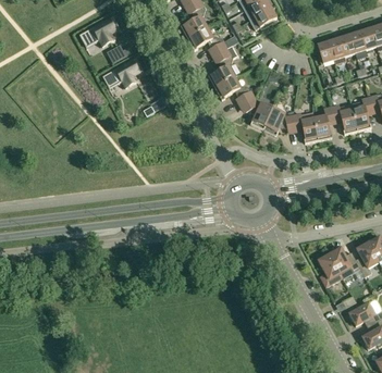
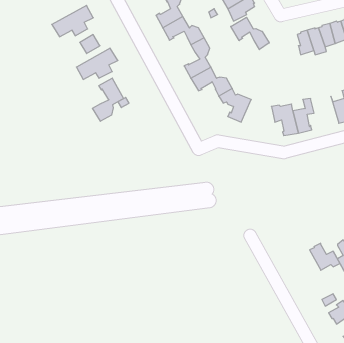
building: none -> [231,17,269,50]
building: none -> [92,78,124,121]
building: [331,104,358,134] -> none
building: [263,108,296,135] -> none
building: [318,253,343,287] -> none

